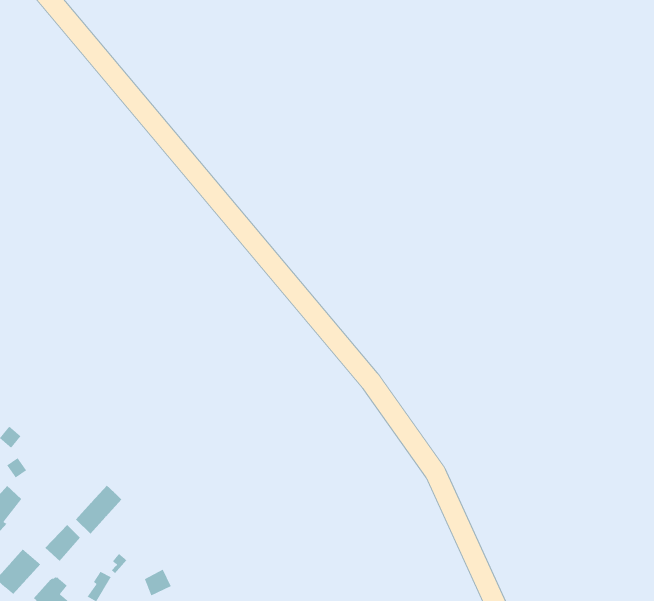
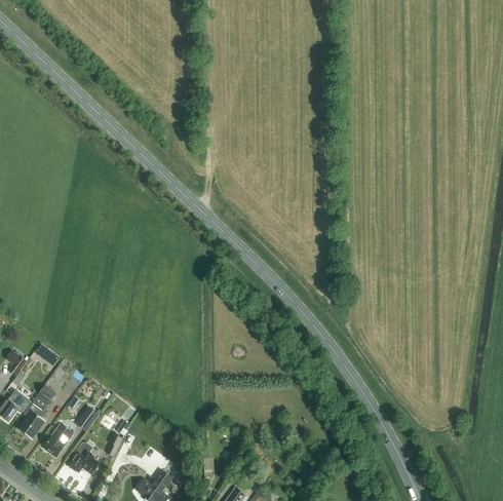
building: [75,485,122,534] -> none

